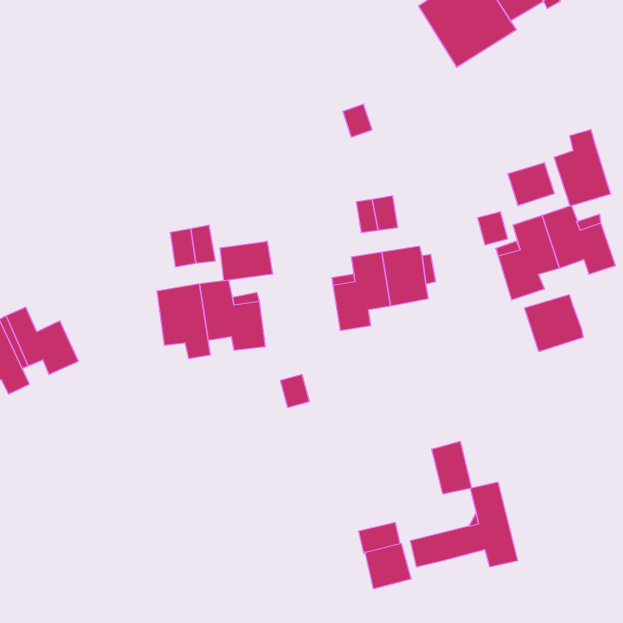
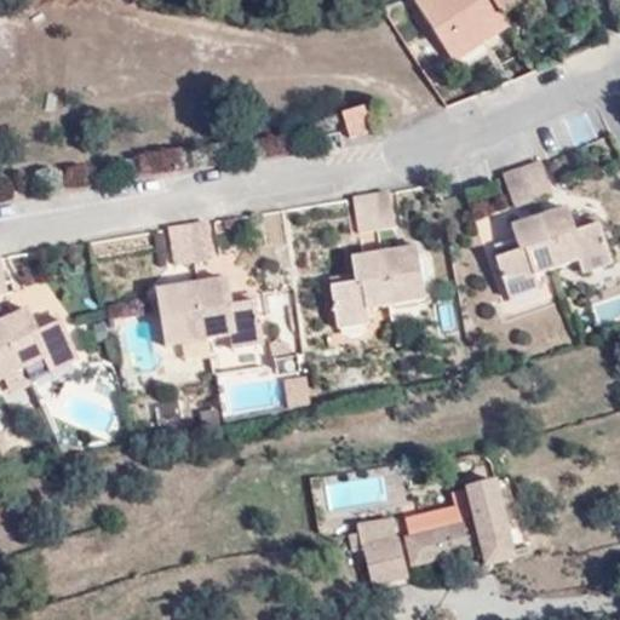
building: [554,129,611,206] -> none
building: [220,241,273,281] -> none
building: [524,295,583,352] -> none
building: [432,441,471,494] -> none

